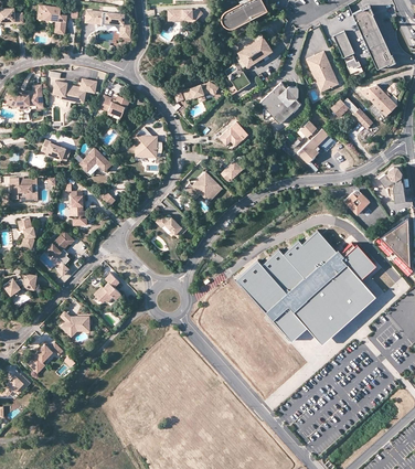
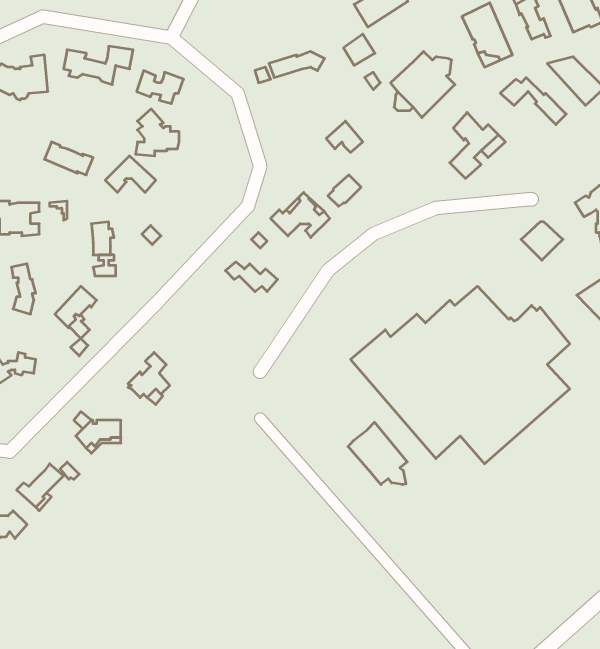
building: [135,127,162,157] -> [136,109,179,156]
building: none -> [348,422,407,485]

